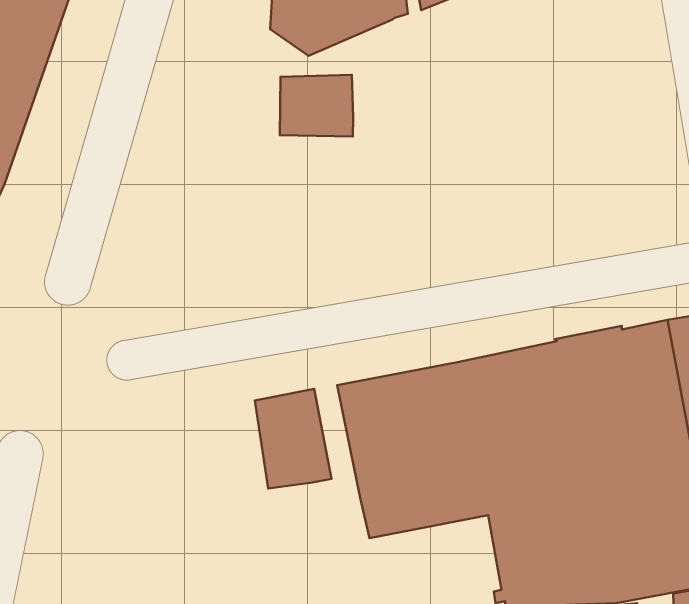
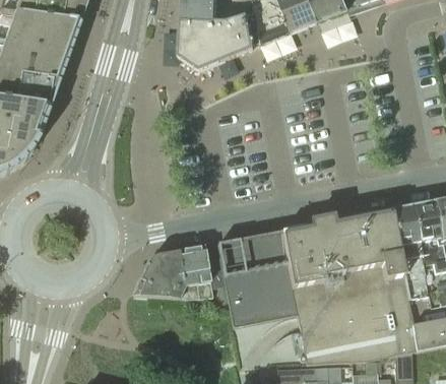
building: [280,75,353,136] -> none
building: none -> [132,251,180,298]

